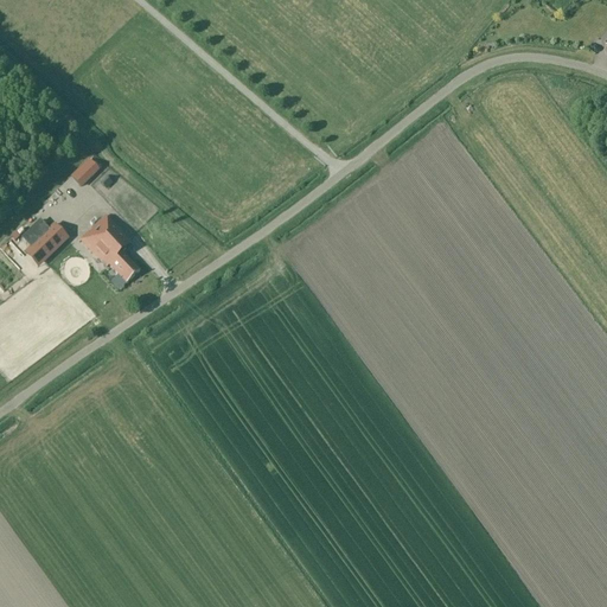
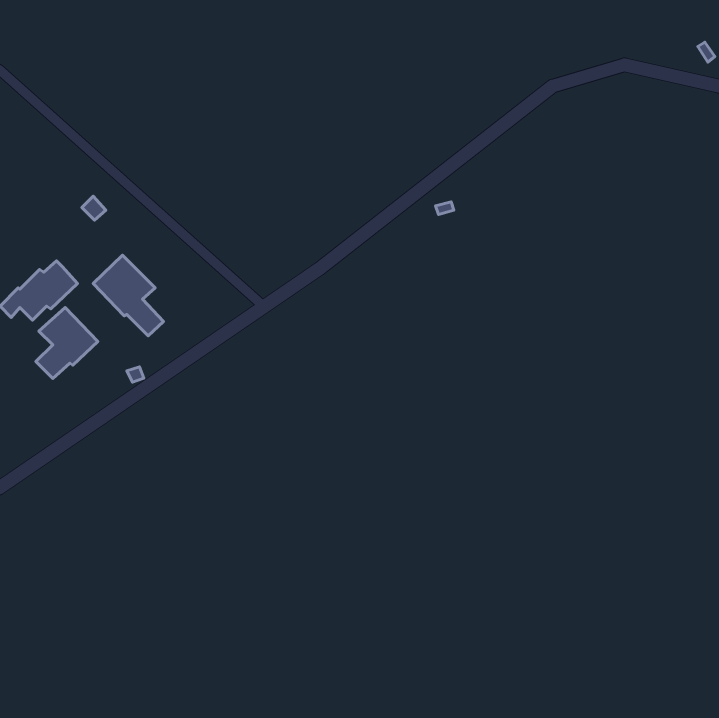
building: none -> [36,308,98,379]

